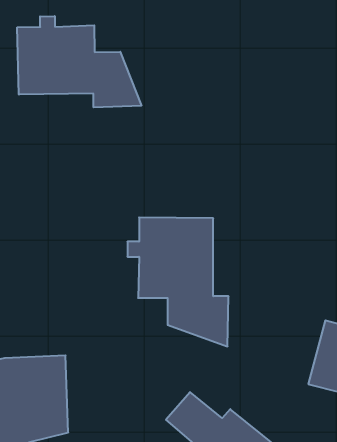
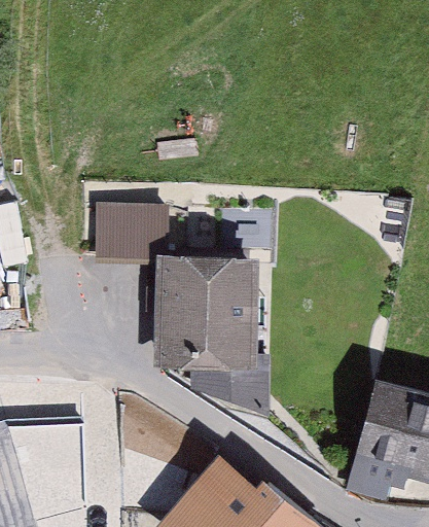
building: [17,16,141,107] -> none
building: none -> [94,195,167,255]

